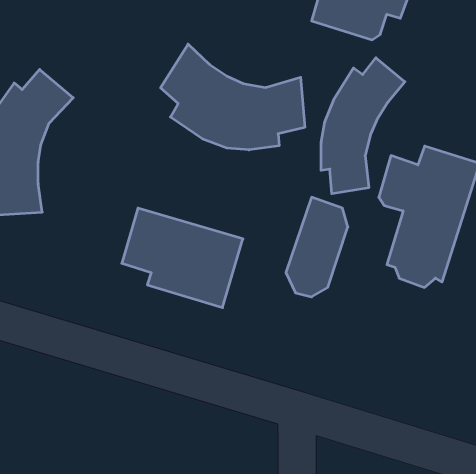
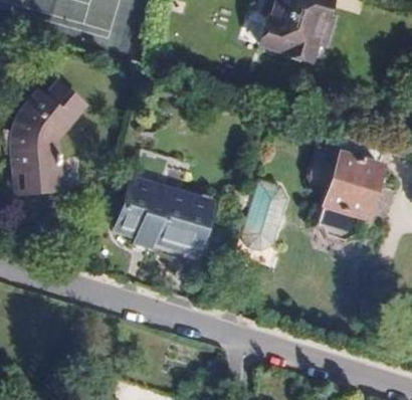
building: [161,44,305,150] -> none
building: [321,58,405,194] -> none

